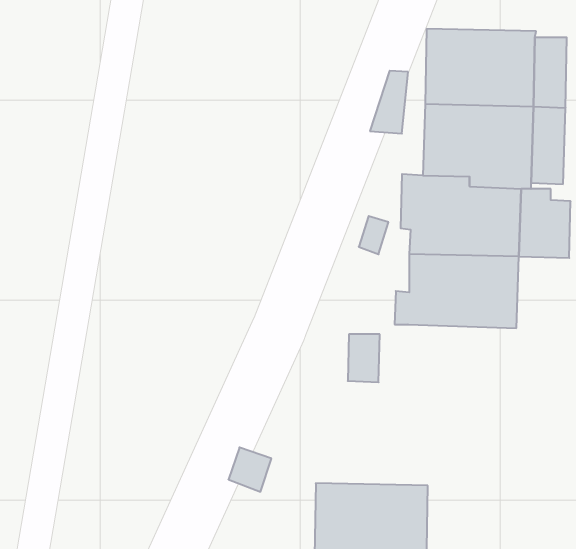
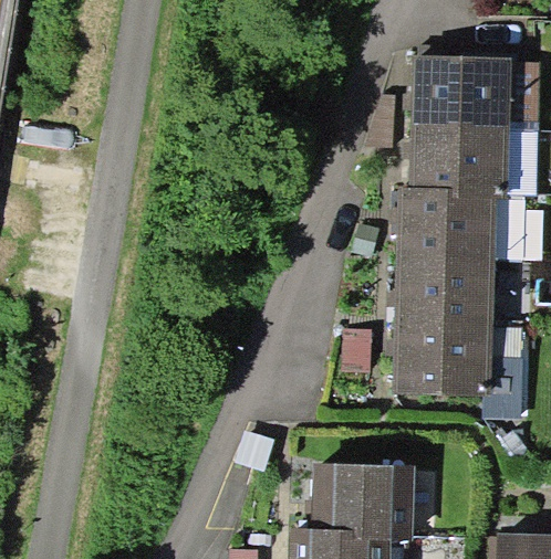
building: none -> [383,320,527,419]

